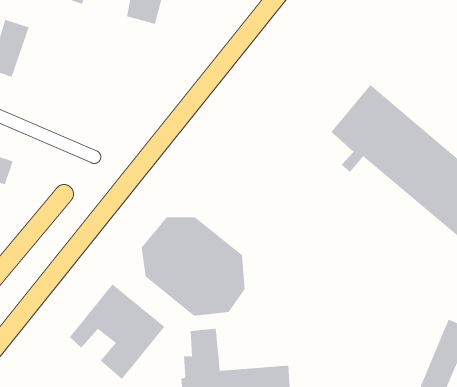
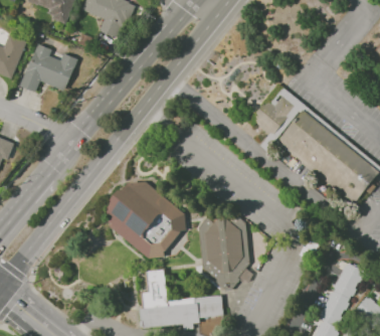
building: none -> [19,43,76,92]
building: none -> [199,215,252,291]
building: [69,284,165,380] -> none

